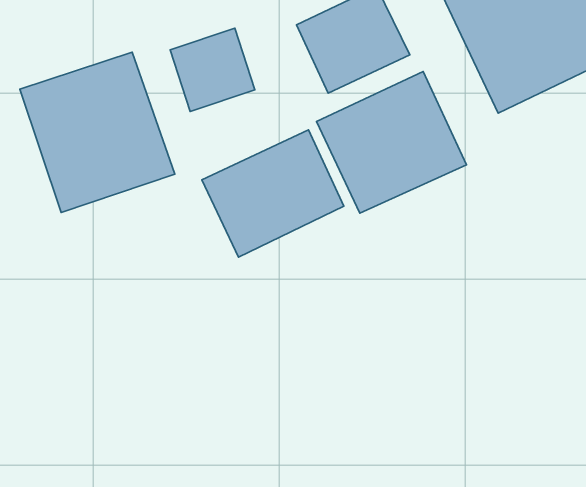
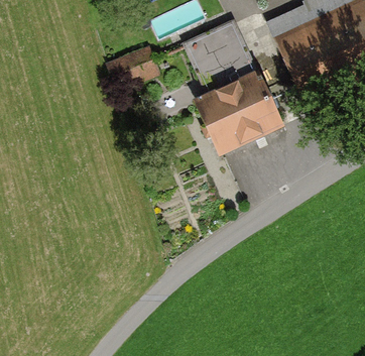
building: [20,52,175,212] -> none
building: [202,130,344,257] -> none

